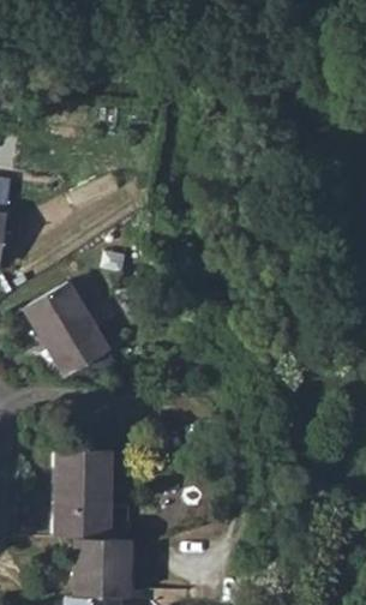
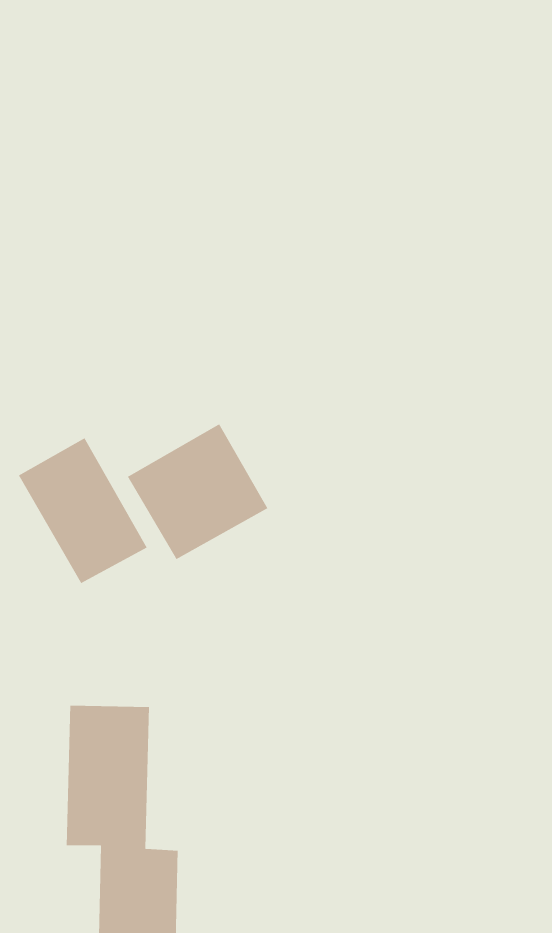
building: none -> [127,423,268,560]

